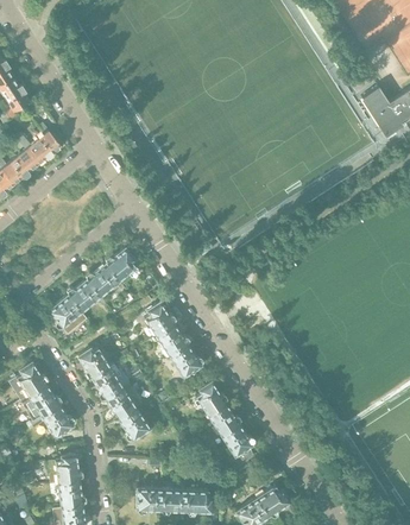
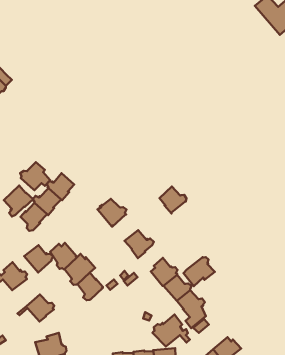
building: [105,248,139,282] -> [20,162,50,190]
building: none -> [4,185,33,217]
building: [157,324,189,356] -> [160,187,187,214]
building: [27,385,62,417] -> [24,245,53,272]
building: none -> [183,257,215,286]
building: [119,407,150,439] -> none
building: none -> [153,315,190,346]

